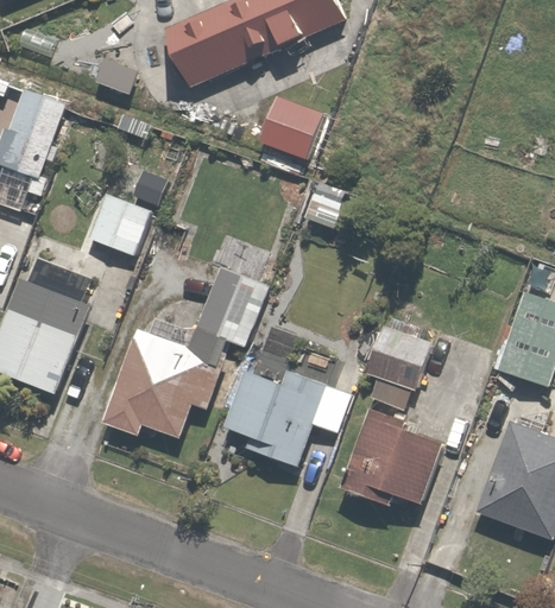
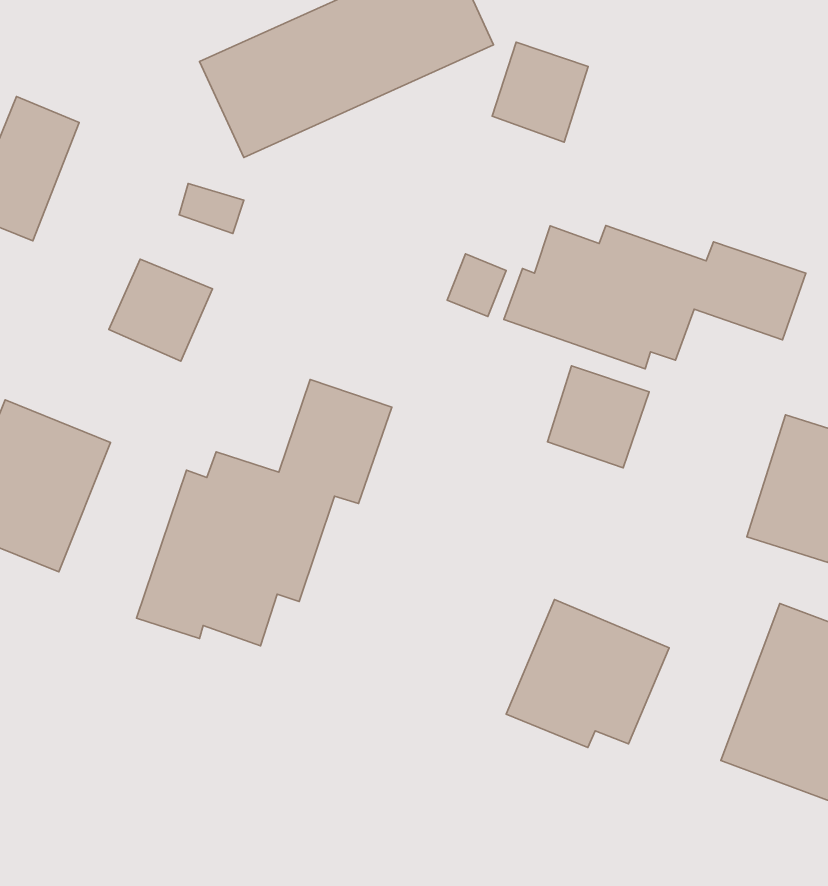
building: [257,96,319,160] -> [492,42,588,142]
building: none -> [504,226,806,369]
building: [365,324,430,390] -> [547,366,649,468]
building: [223,355,353,467] -> none

